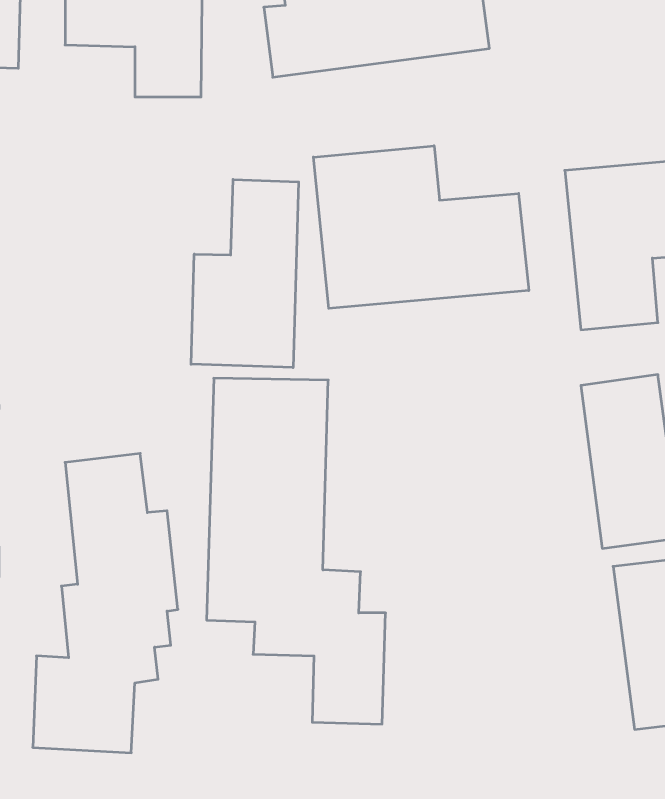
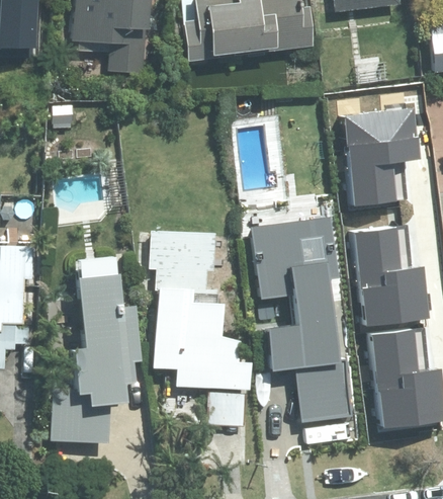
building: [313,146,529,308] -> none
building: [191,179,299,368] -> none
building: none -> [249,217,349,421]

